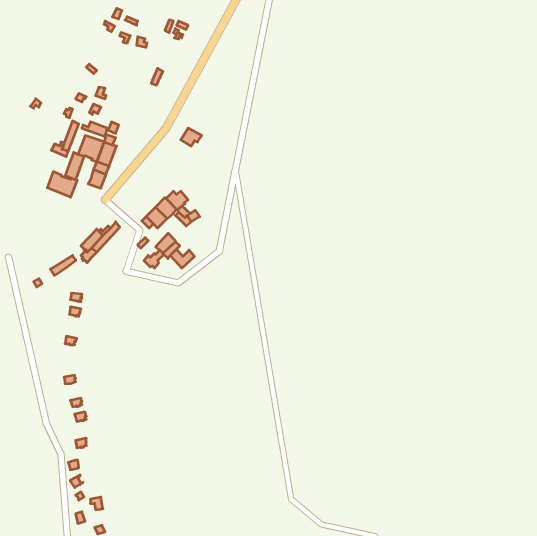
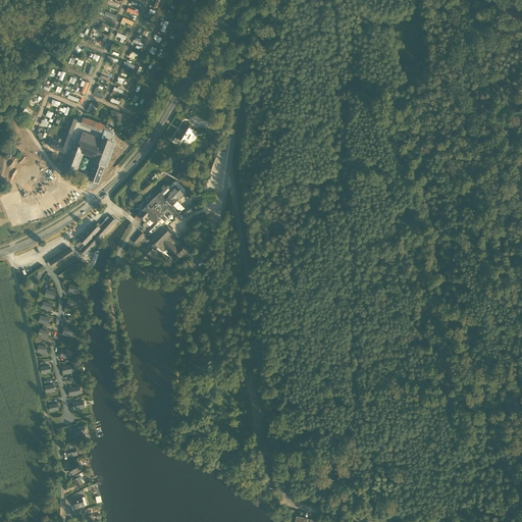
building: [47,172,77,197] -> none

